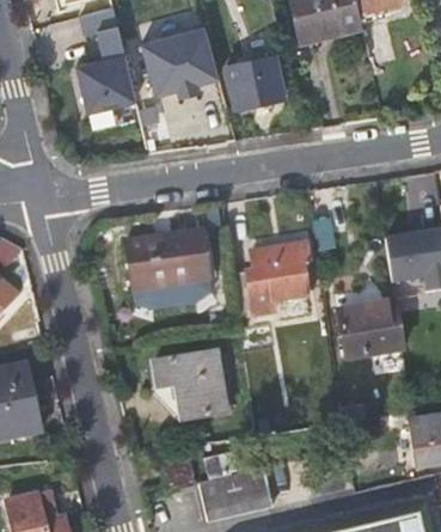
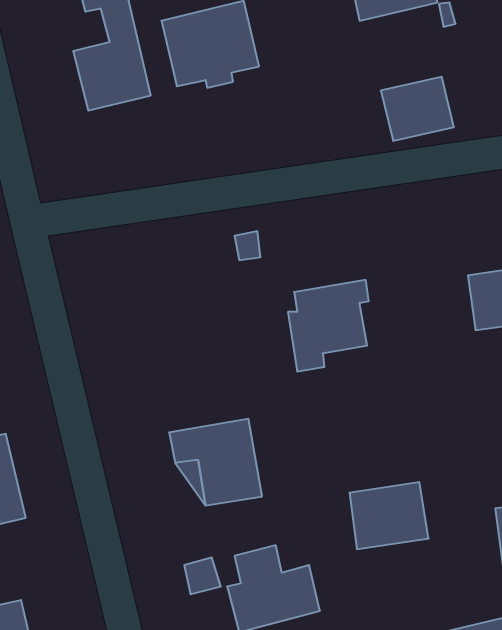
building: [227,56,284,106] -> [381,77,454,141]
building: [123,230,216,320] -> none
building: [338,305,400,357] -> [349,482,429,549]

